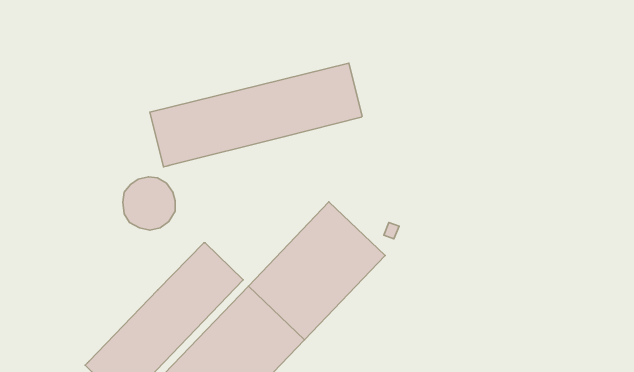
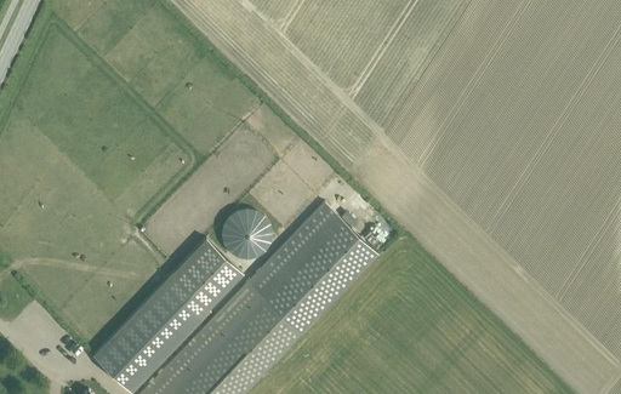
building: [150,63,362,167] -> none
building: [123,177,175,230] -> [221,211,270,262]

